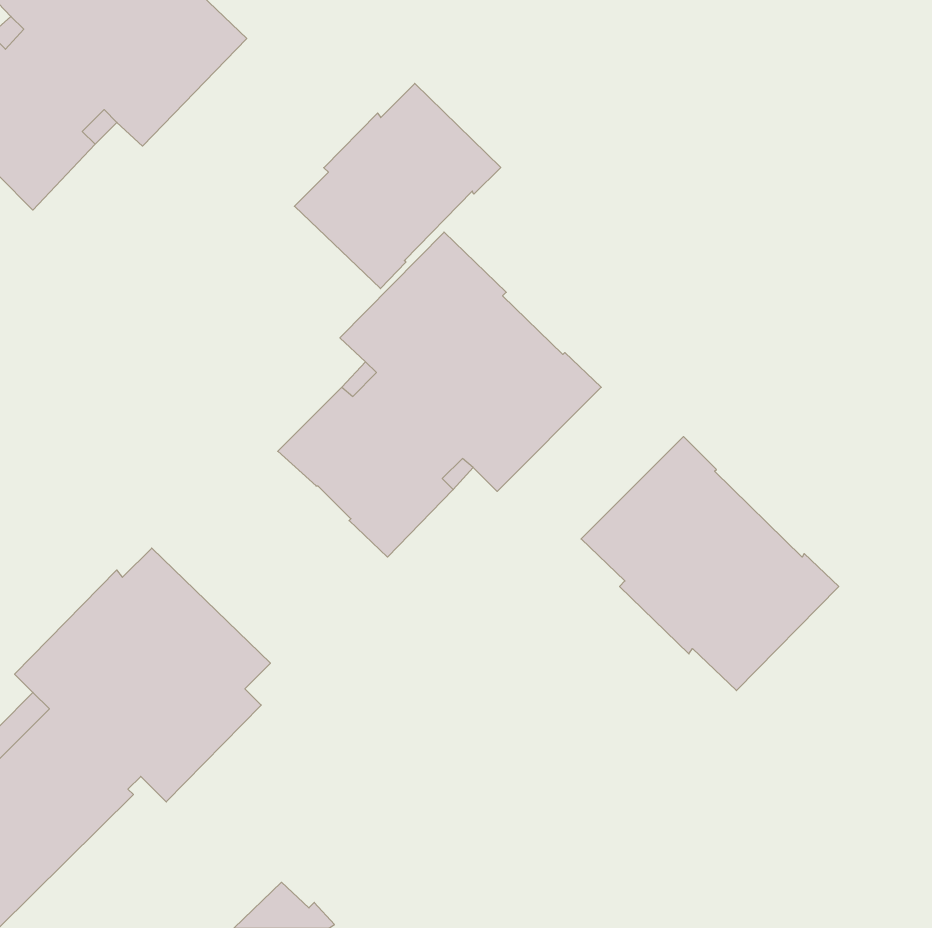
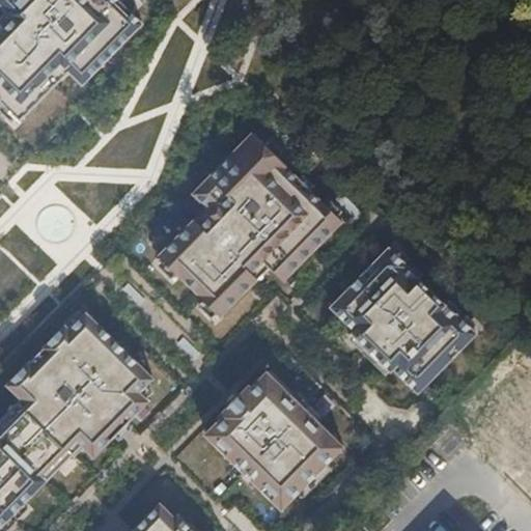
building: [294,83,501,289] -> none
building: none -> [205,370,343,508]

